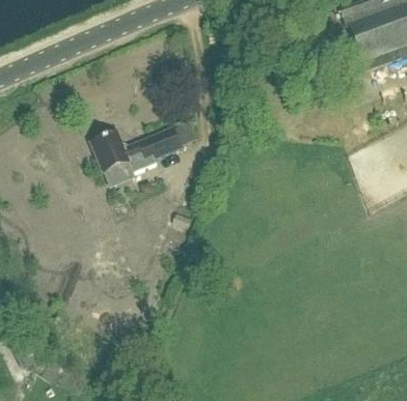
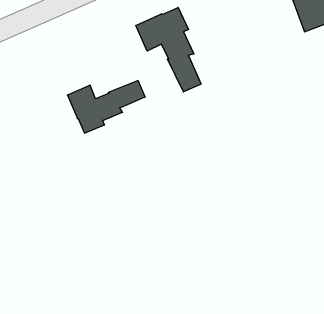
building: none -> [136,7,201,92]

